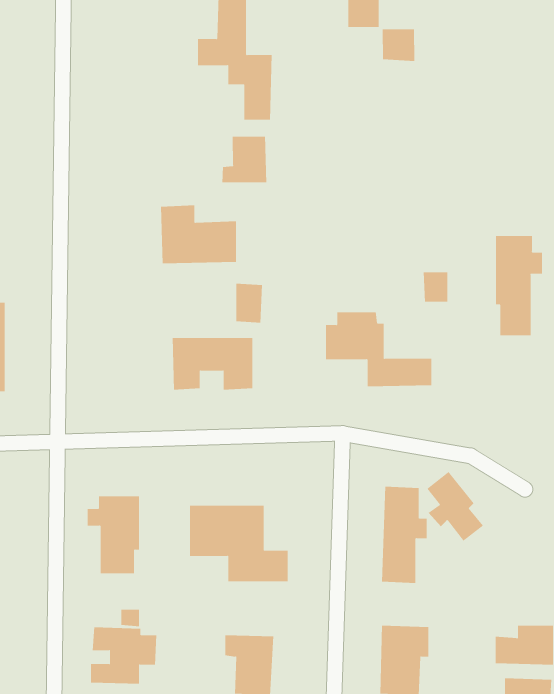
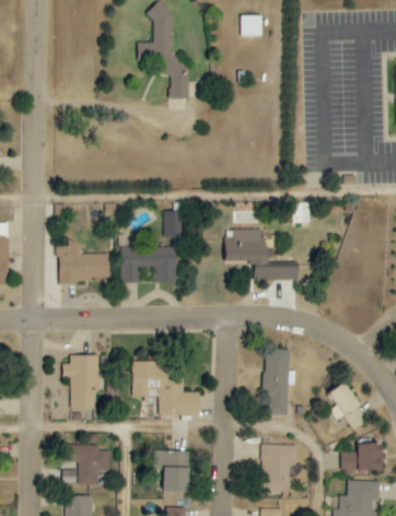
building: [382,28,415,62] -> none
building: [222,136,267,183] -> none
building: [160,205,237,264] -> [57,242,109,282]
building: [495,235,542,336] -> none
building: [426,471,484,542] -> [328,383,368,431]

